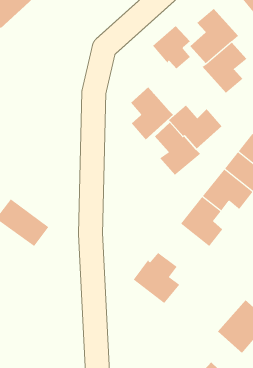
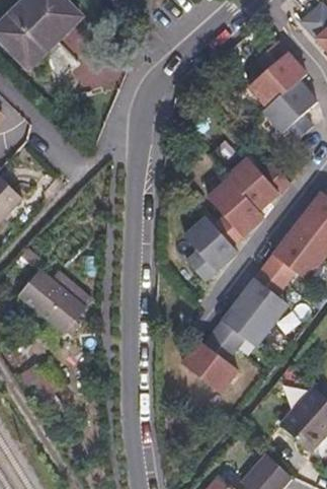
building: [152,25,191,70] -> none
building: [130,86,174,141] -> [186,211,238,275]
building: none -> [213,296,273,347]

